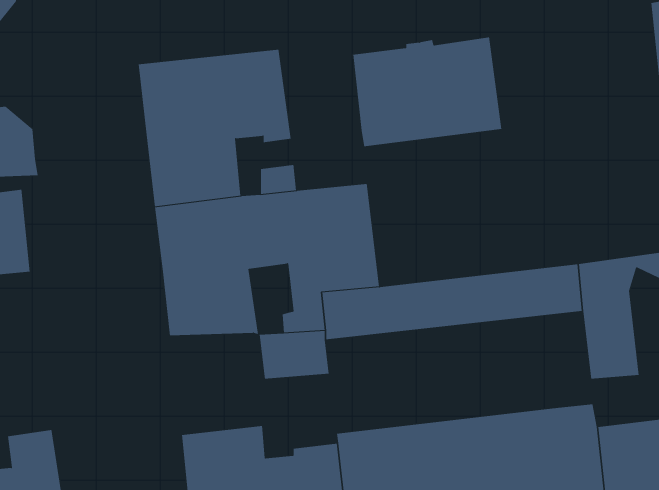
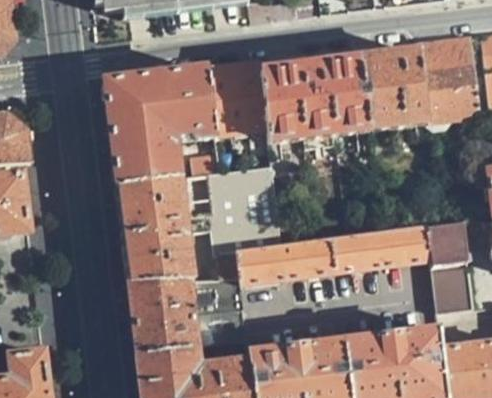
building: none -> [363,37,479,128]
building: none -> [208,62,268,135]
building: none -> [127,278,196,353]

